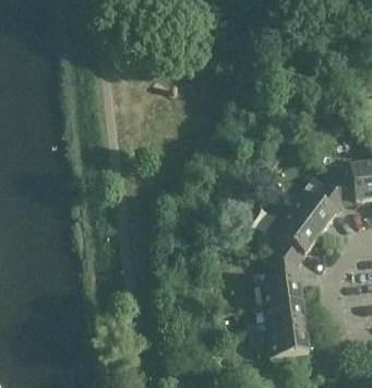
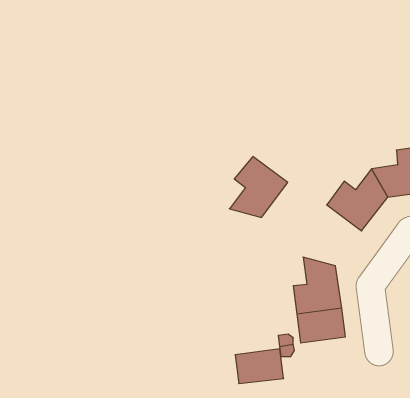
building: [269,209,321,262] -> [229,156,288,217]
building: [267,325,310,355] -> [235,349,284,384]

